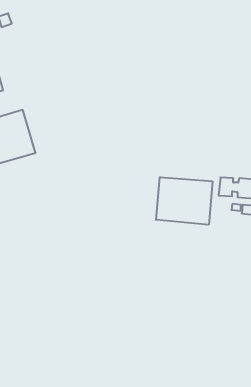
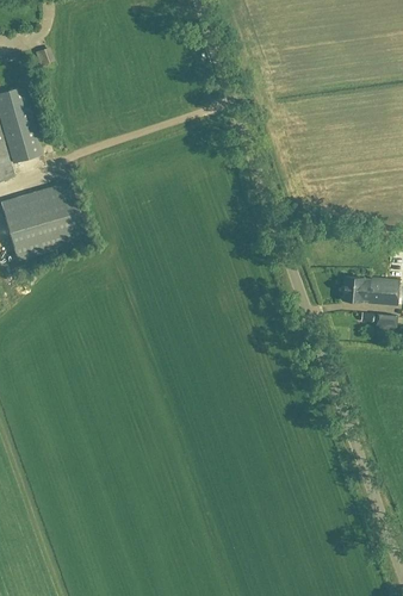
building: [156,177,212,225] -> none

